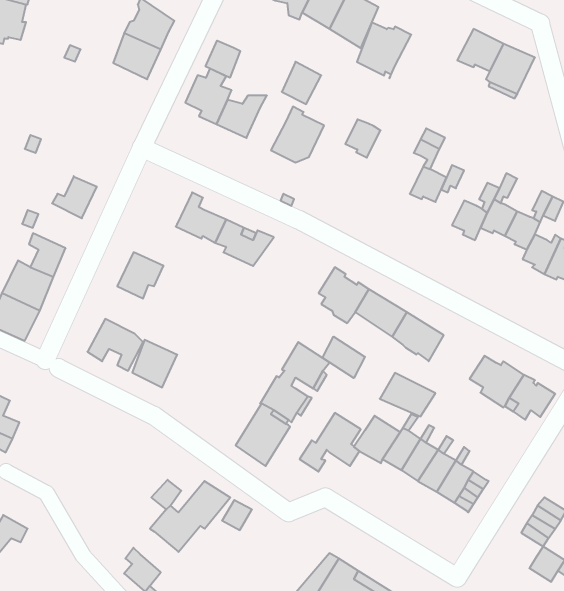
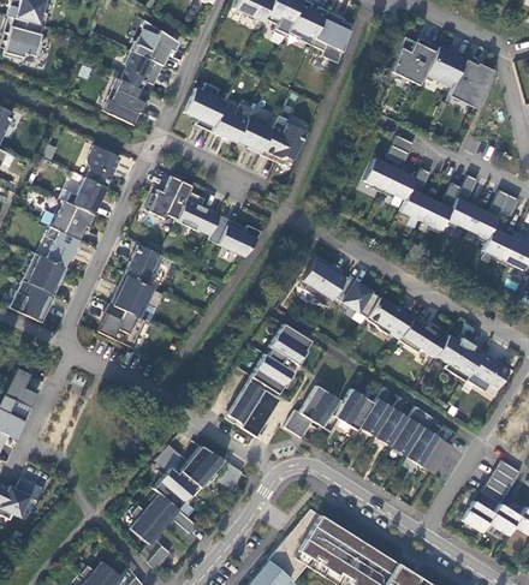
building: [357,22,411,78] -> [391,36,439,85]
building: [206,41,240,78] -> none
building: [282,62,321,104] -> [238,117,273,154]
building: none -> [103,77,150,125]
building: [345,119,381,158] -> [363,159,394,192]
building: none -> [87,144,120,186]
building: none -> [144,175,192,219]
building: none -> [398,189,430,220]
building: none -> [49,198,93,240]
building: [322,337,365,378] -> none
building: [132,340,177,387] -> [113,274,153,316]
building: [380,373,435,416] -> [399,317,448,356]
building: none -> [144,490,197,533]
building: none -> [462,500,494,532]

